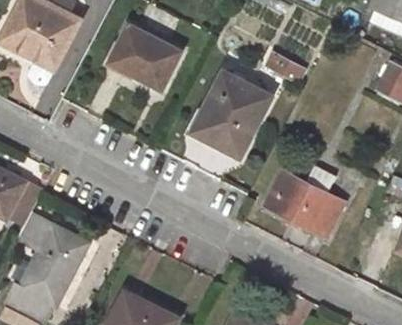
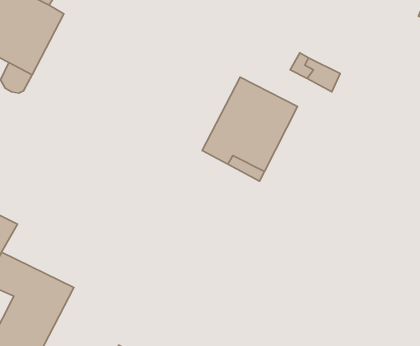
building: [109,24,180,89] -> none
building: [263,165,343,237] -> none

